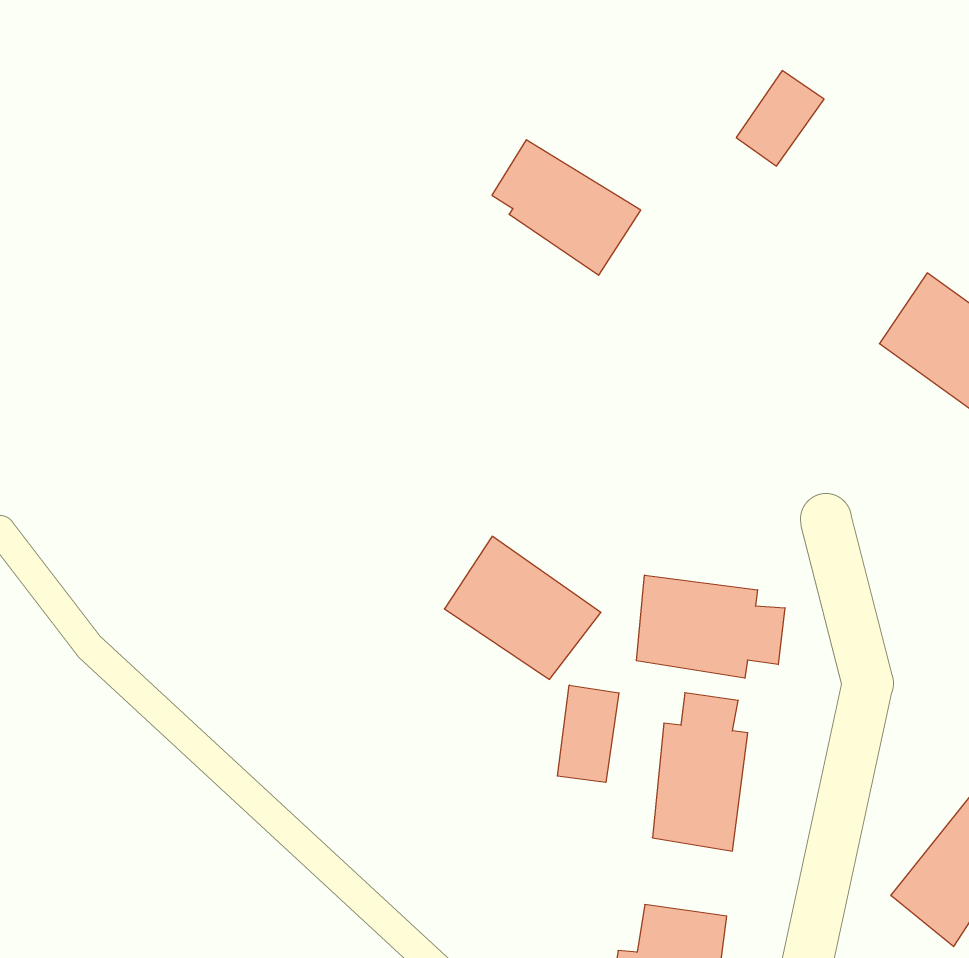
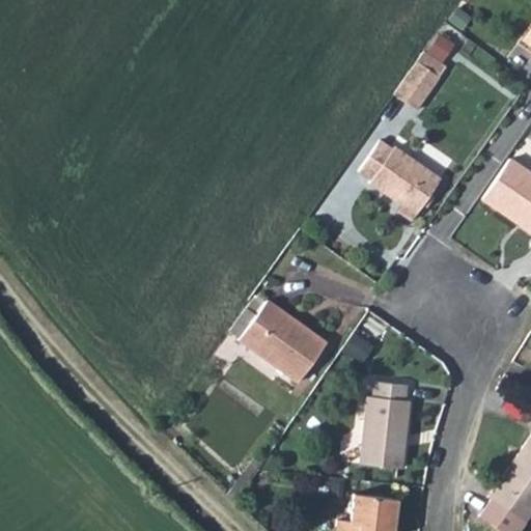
building: [492,140,641,275] -> [359,140,440,214]
building: [636,575,785,678] -> none
building: [557,685,619,782] -> none

